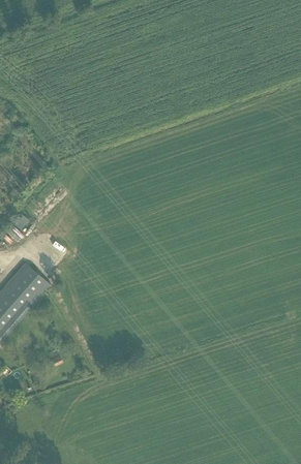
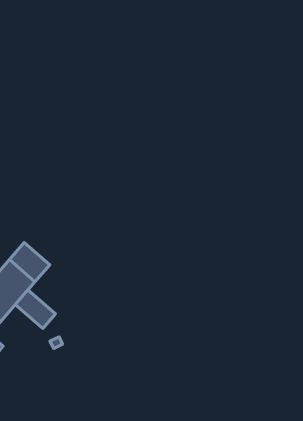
building: none -> [15,290,56,328]

